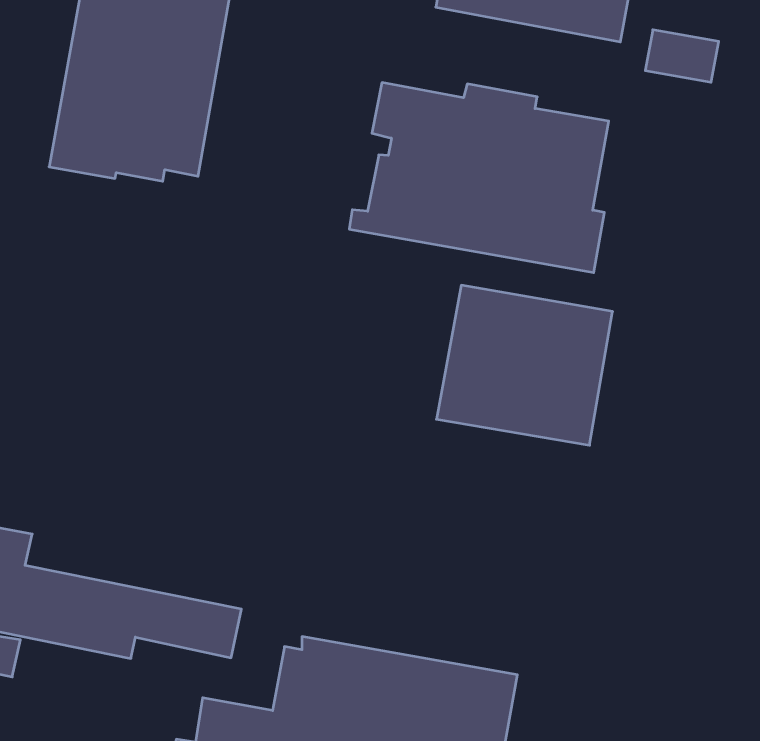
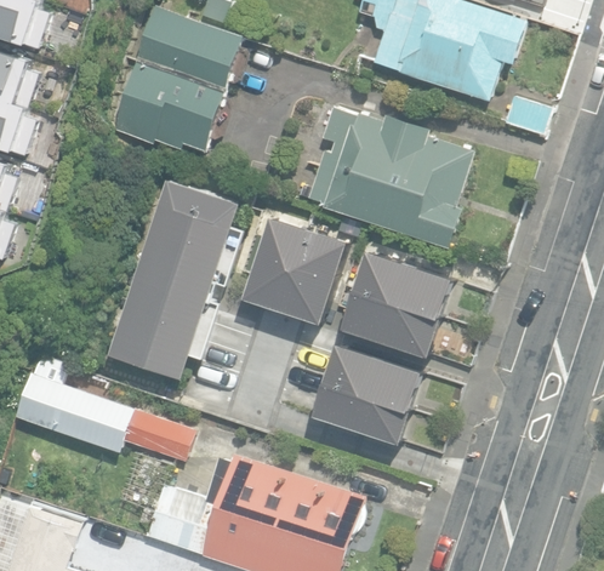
building: none -> [103,172,244,387]
building: none -> [240,209,354,329]
building: none -> [307,326,432,451]

